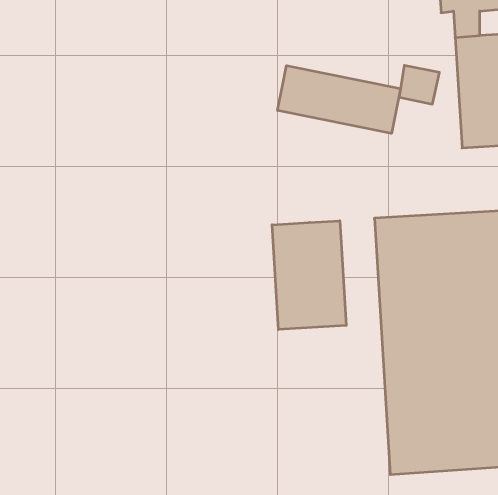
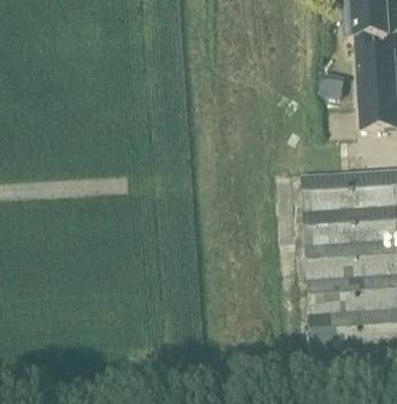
building: [278,66,400,133] -> none
building: [272,221,346,330] -> none

